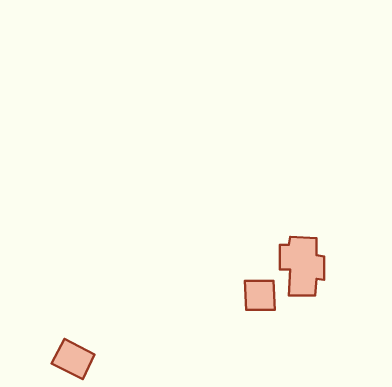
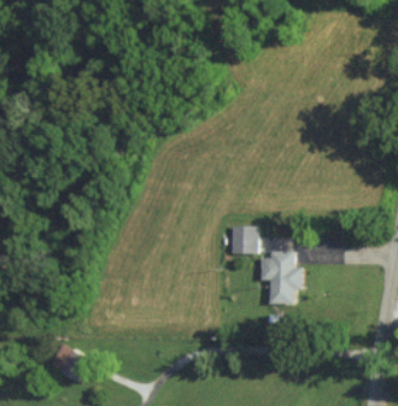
building: [245,281,275,310] -> [232,225,259,252]

